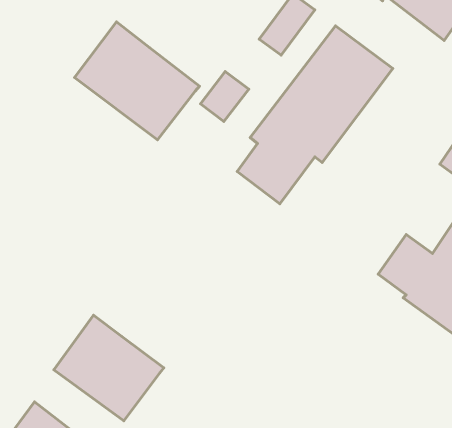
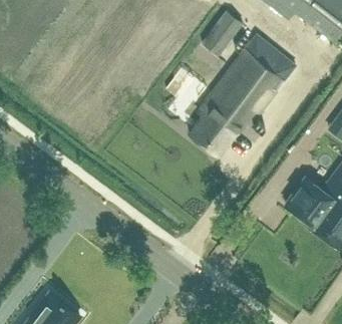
building: [75,22,200,140] -> none
building: [54,315,164,421] -> none

